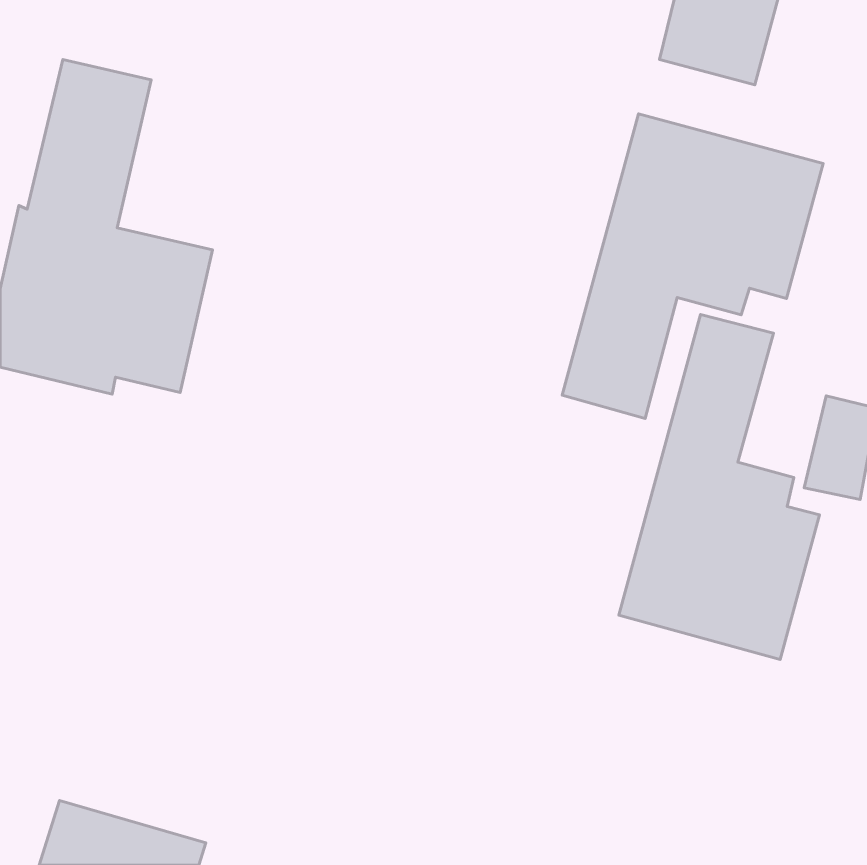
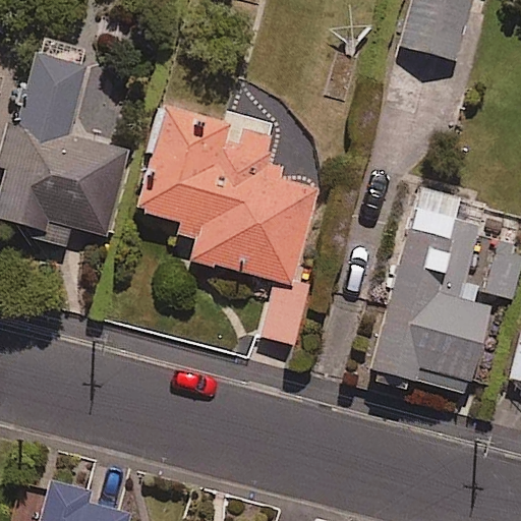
building: [562,114,823,419] -> none
building: none -> [139,110,319,343]

